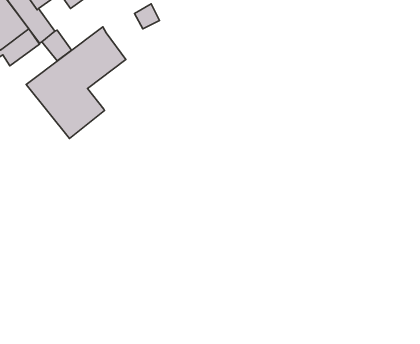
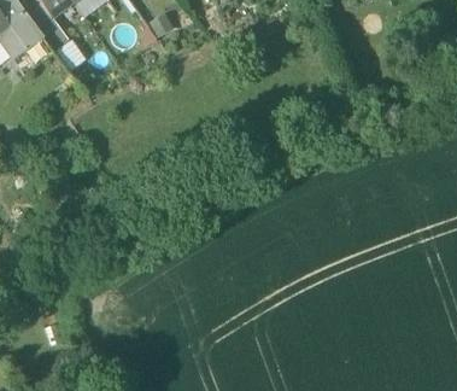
building: [26,27,126,138] -> none

